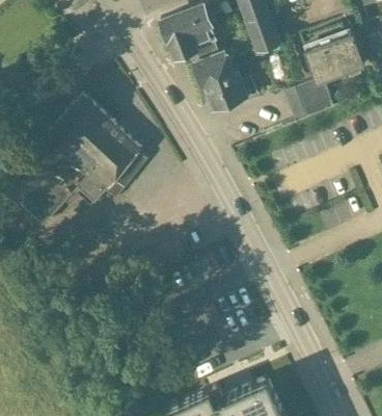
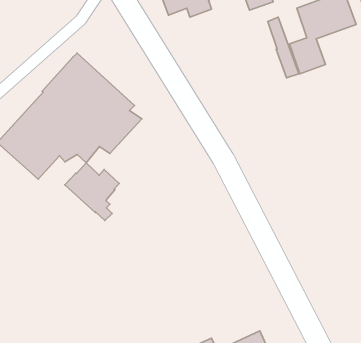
building: [193,48,261,106] -> none
building: none -> [65,163,119,221]

